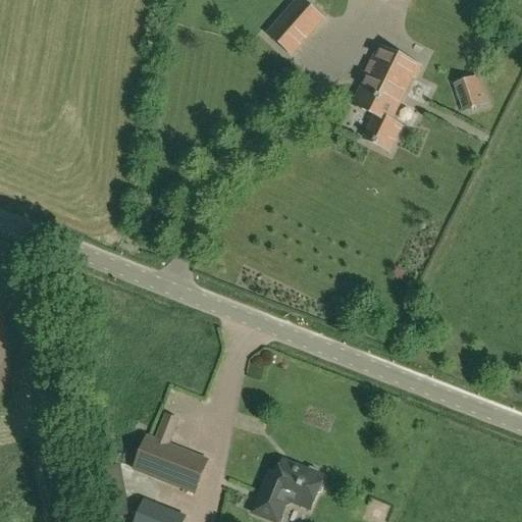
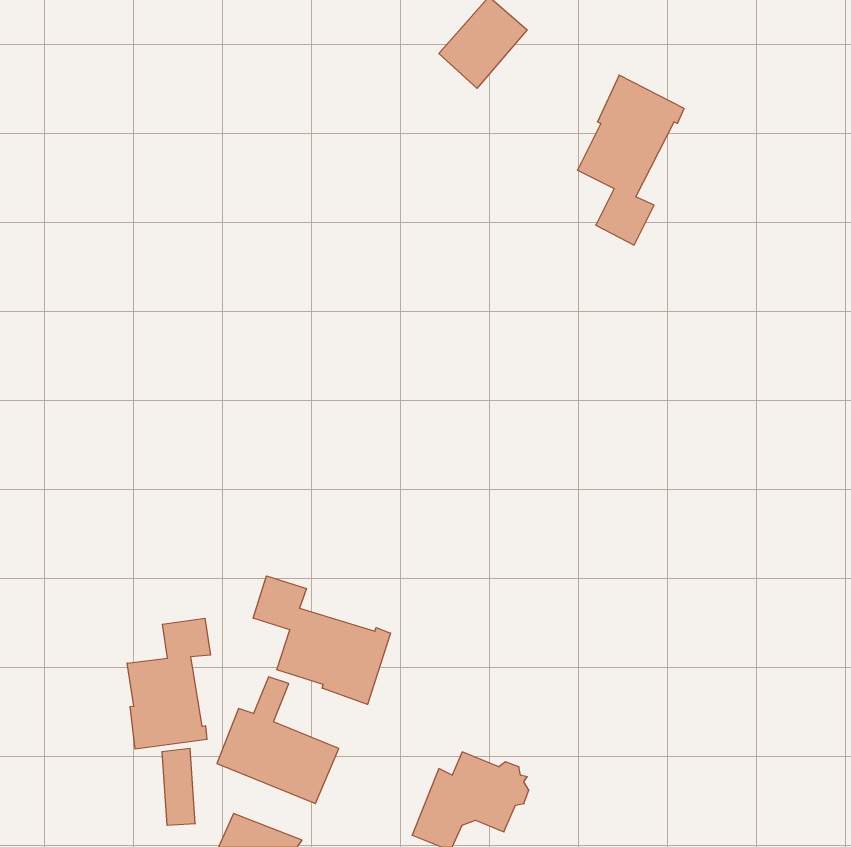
building: [455,77,482,109] -> none
building: none -> [253,576,391,704]
building: none -> [127,618,211,749]

